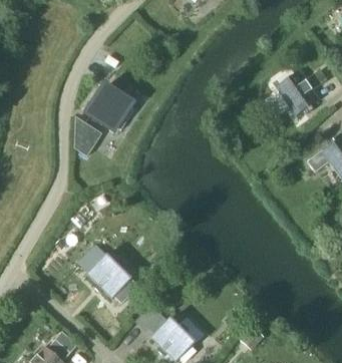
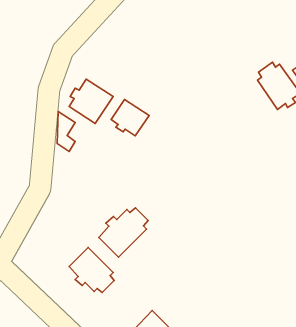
building: none -> [111,99,149,136]
building: none -> [99,208,148,257]

